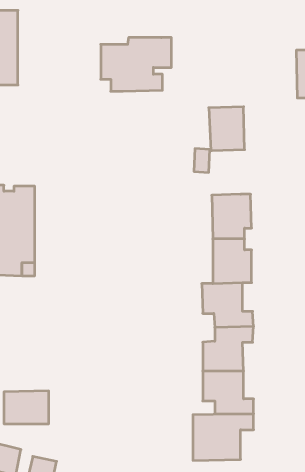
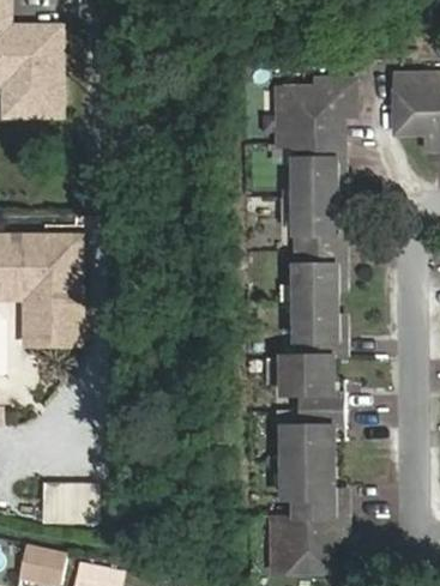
building: [101,38,171,91] -> [266,78,351,143]
building: none -> [294,194,340,249]

